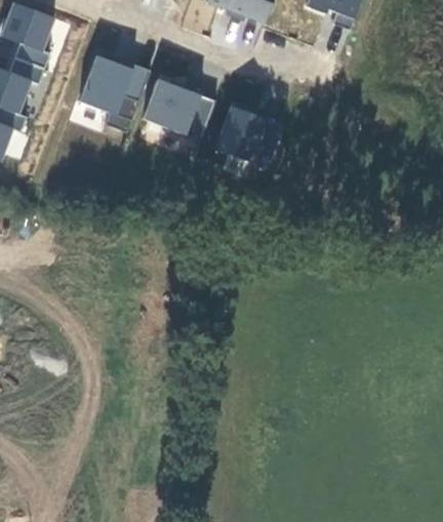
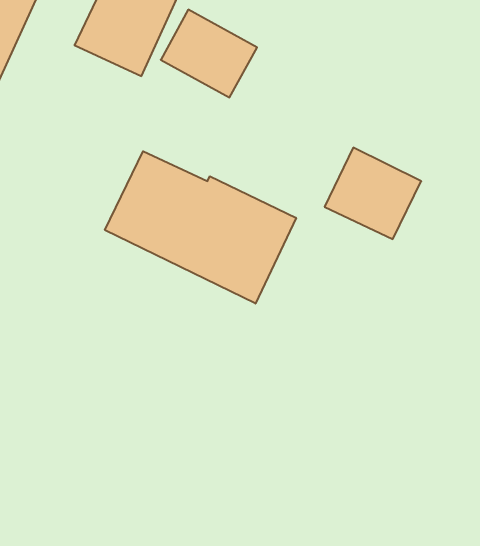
building: [213,104,285,170] -> [325,148,421,239]
building: none -> [105,151,296,304]

